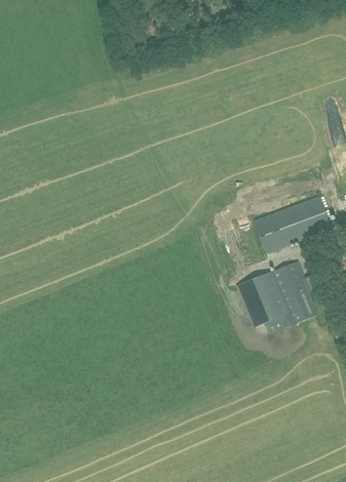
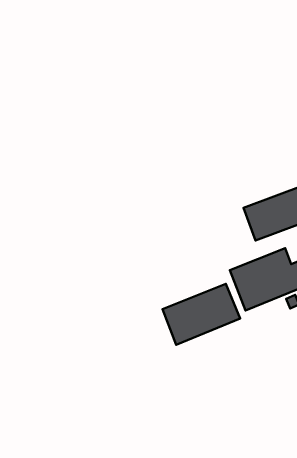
building: none -> [162,284,240,345]

